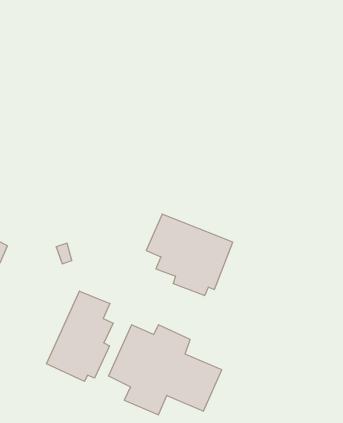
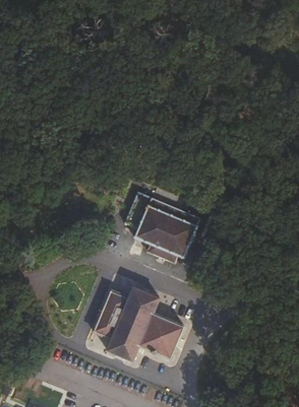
building: [47,291,113,381] -> none

